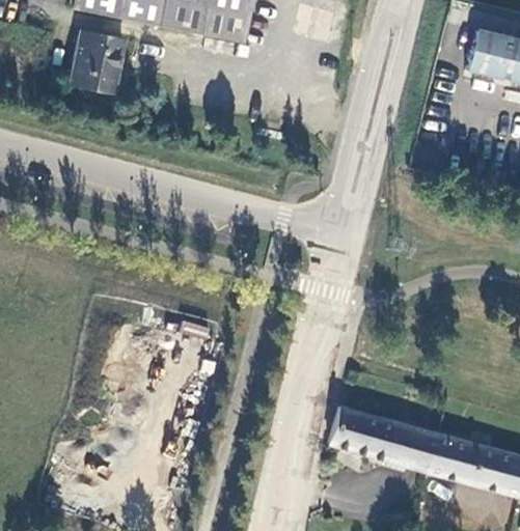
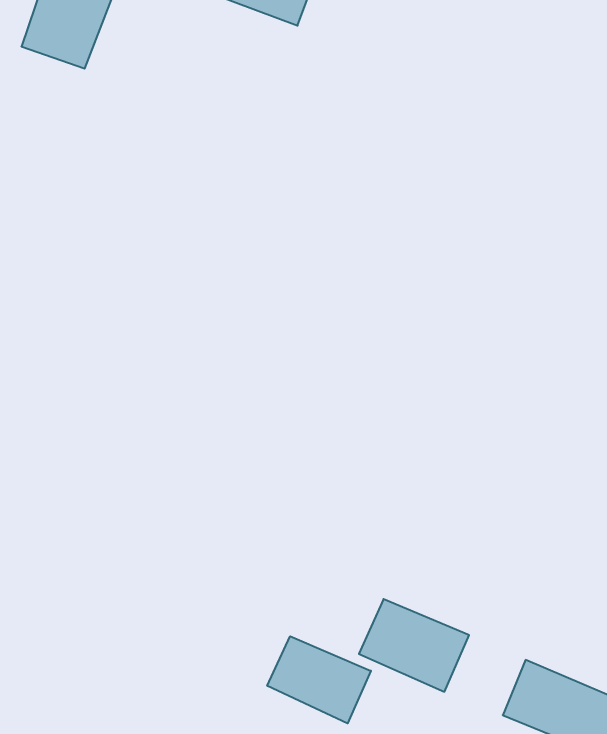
building: [393,423,443,472] -> none
building: none -> [267,636,371,723]

